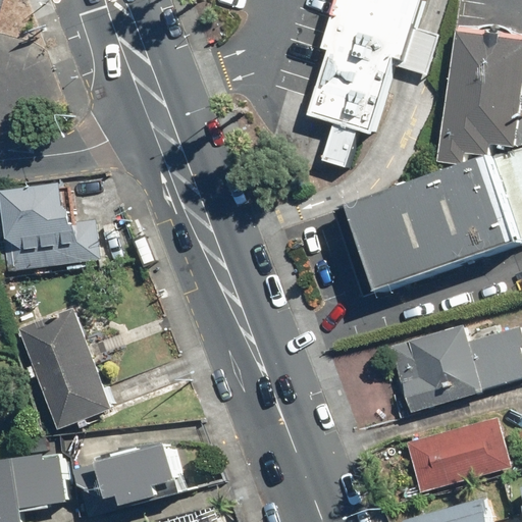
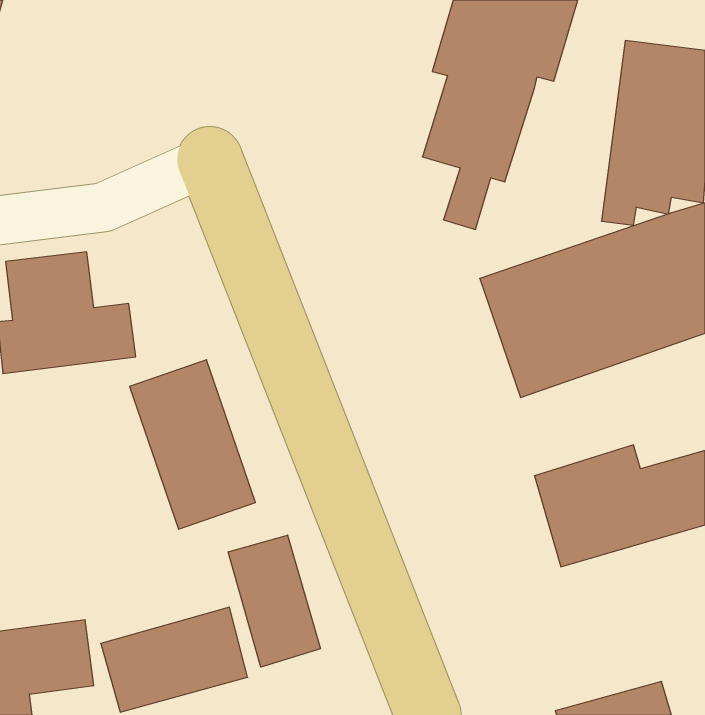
building: [17,306,109,429] -> [130,360,255,529]
building: none -> [228,535,320,667]
building: [406,417,509,493] -> none

